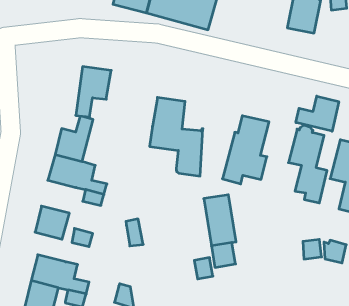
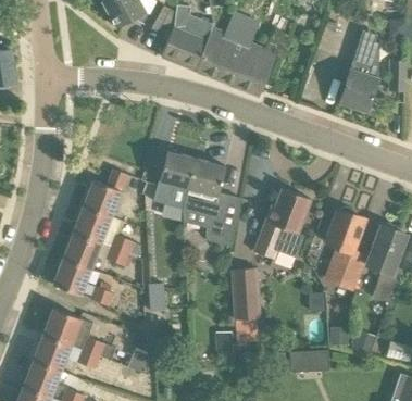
building: [76,67,111,117] -> [154,151,197,204]
building: [296,96,339,131] -> none
building: none -> [63,231,101,268]
building: none -> [290,350,329,372]

